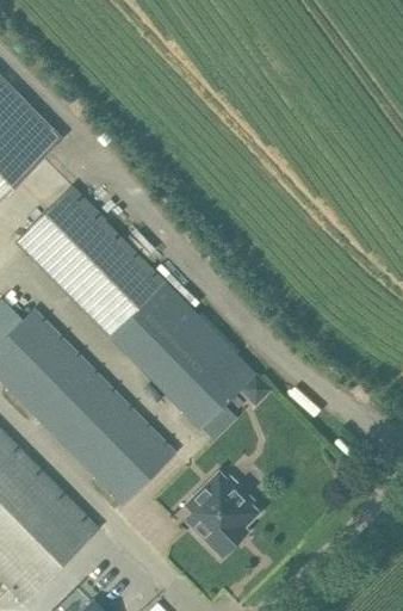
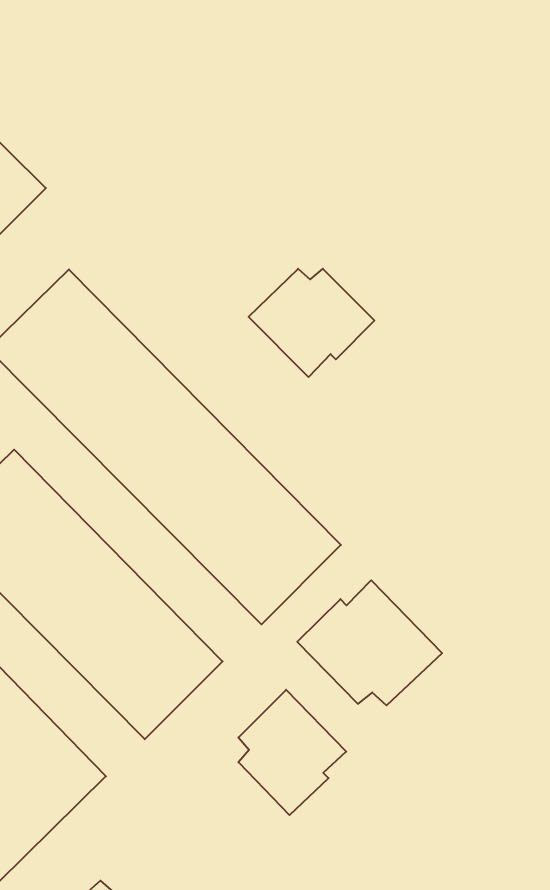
building: none -> [249,269,374,377]
building: none -> [297,580,442,705]

